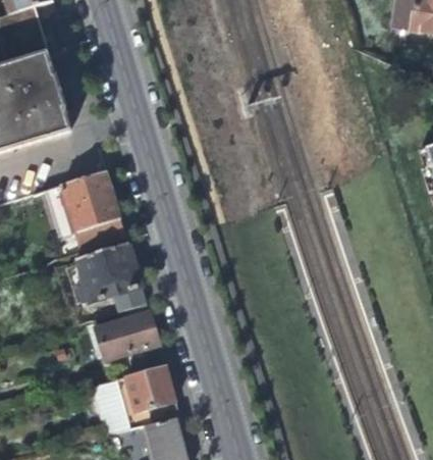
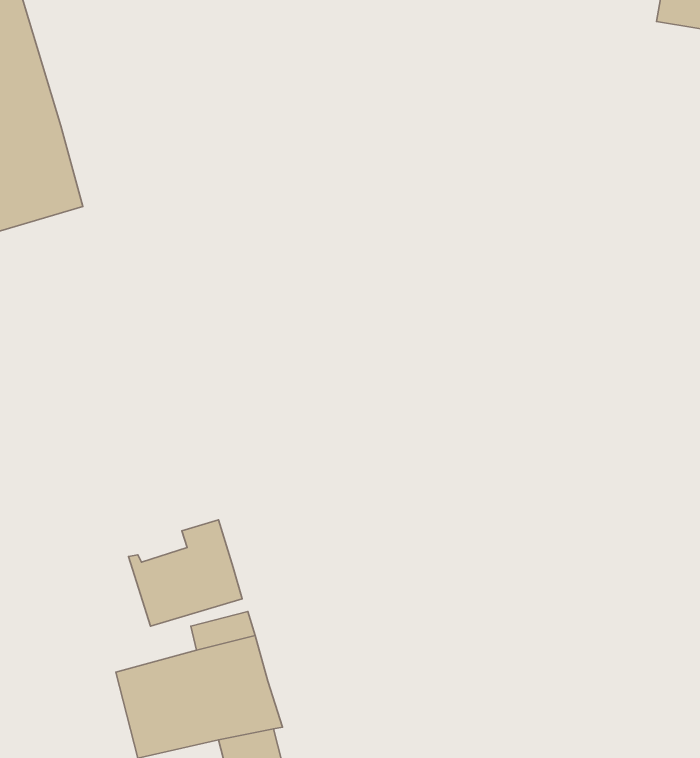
building: [61,168,125,249] -> none
building: [74,242,145,309] -> none

